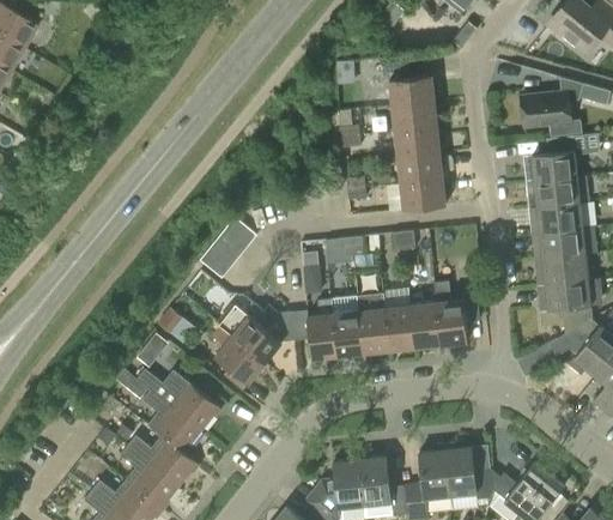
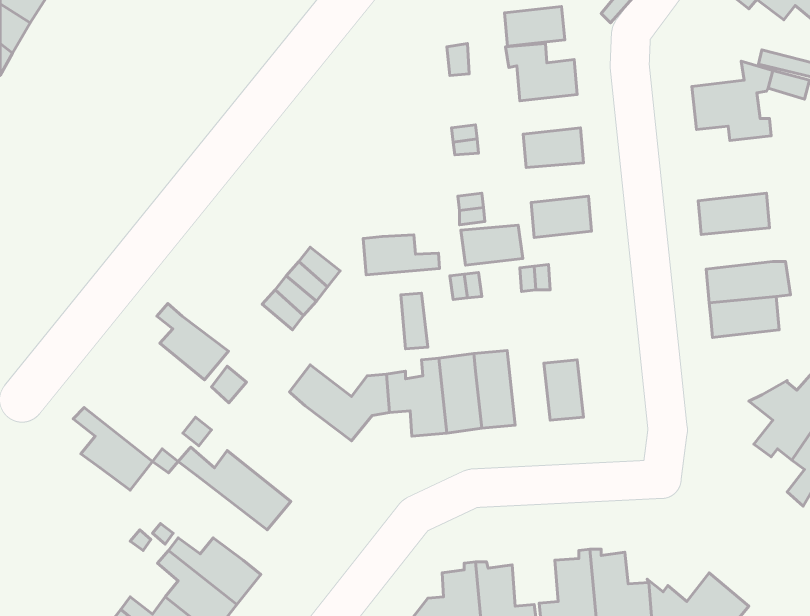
building: [392,102,437,132] -> [504,6,565,46]
building: [523,150,577,182] -> none
building: [396,153,443,183] -> [461,225,523,265]
building: [528,202,582,234] -> none
building: none -> [363,235,440,275]
building: [536,278,603,333] -> none
building: [435,282,478,345] -> none
building: [383,304,414,351] -> none
building: [211,327,265,385] -> [157,303,228,380]
building: [140,391,200,453] -> [73,408,153,490]

